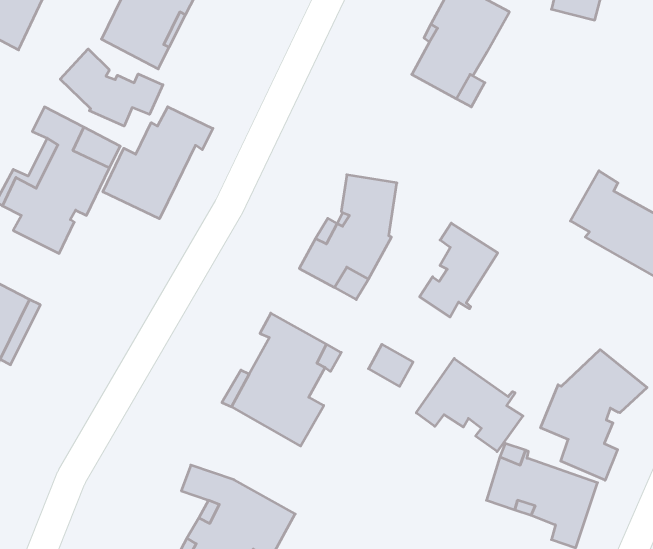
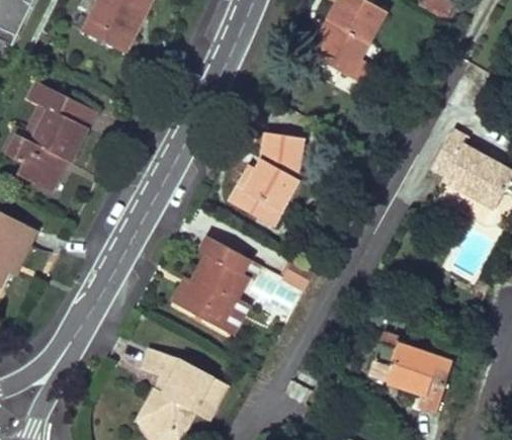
building: [60,49,163,126] -> none
building: [103,107,213,219] -> none
building: [420,223,498,317] -> none
building: [541,350,647,480] -> none
building: [416,358,523,452] -> none

